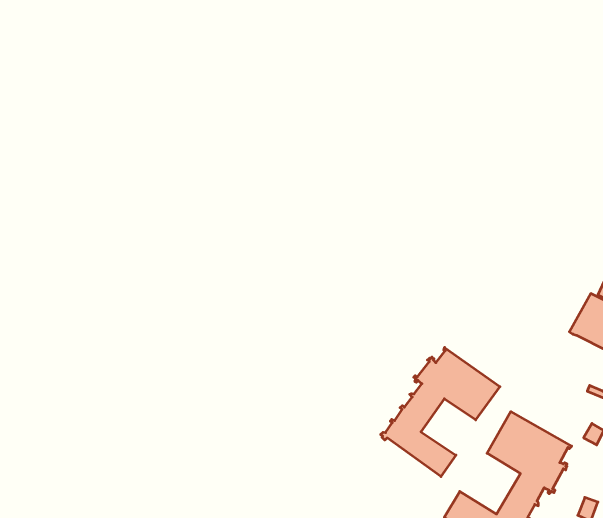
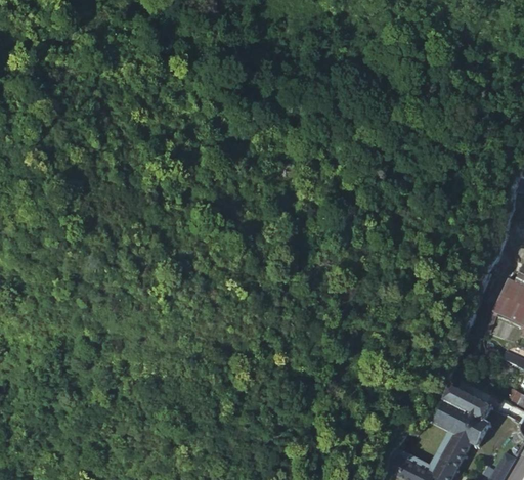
building: [381,347,500,477] -> none

